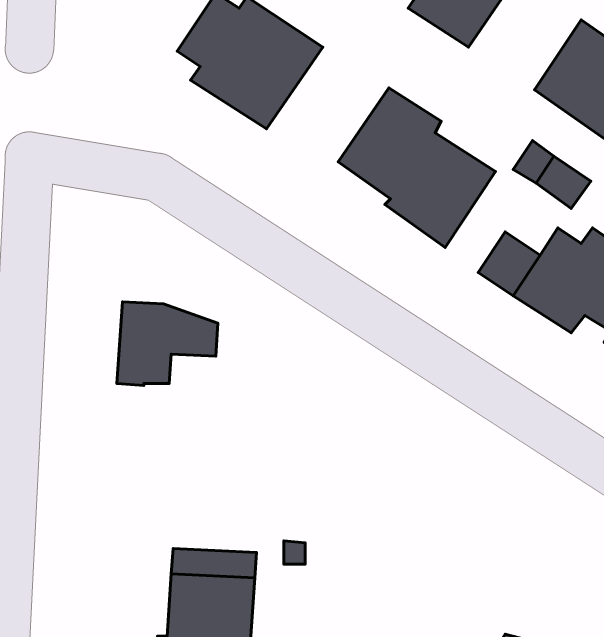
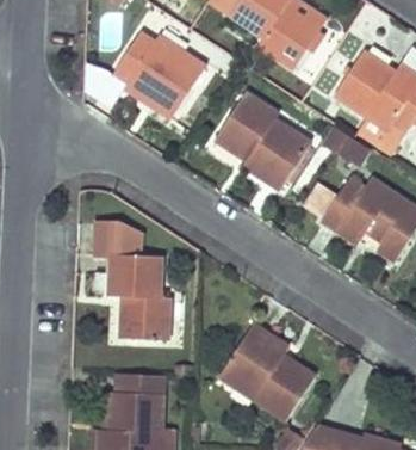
building: none -> [95,257,170,340]
building: none -> [222,326,318,421]

